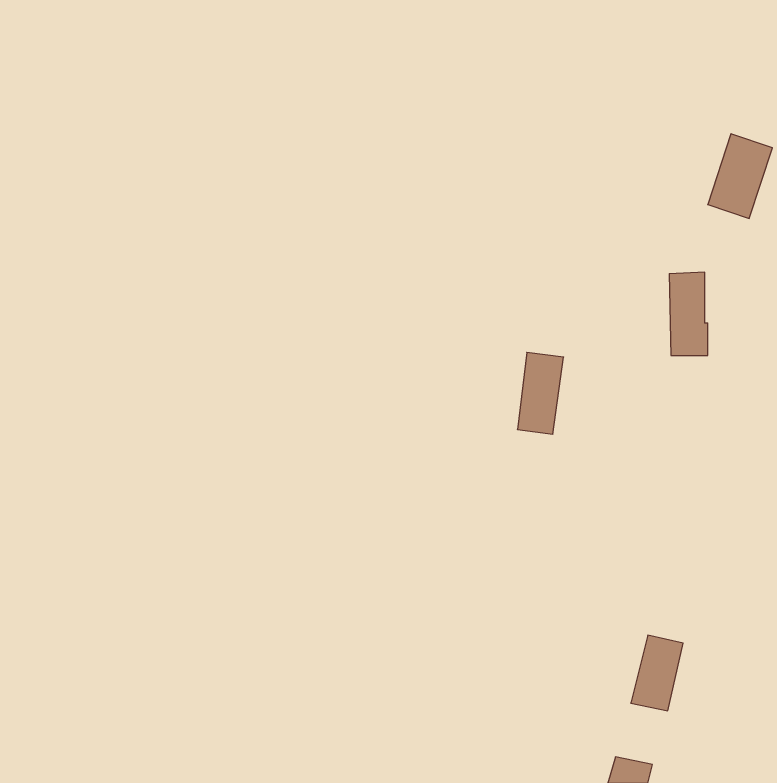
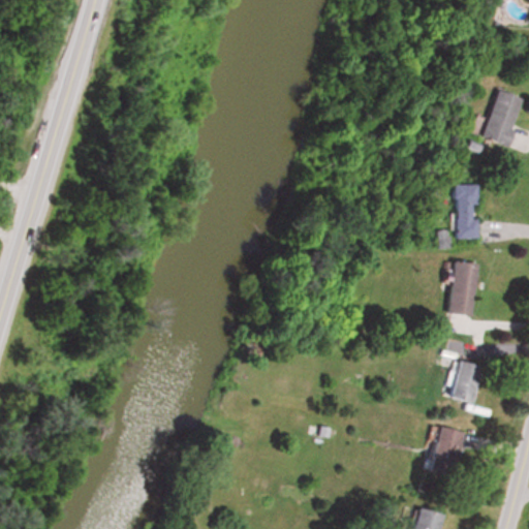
building: [517,352,564,434] -> [448,260,479,315]
building: none -> [450,361,484,403]

